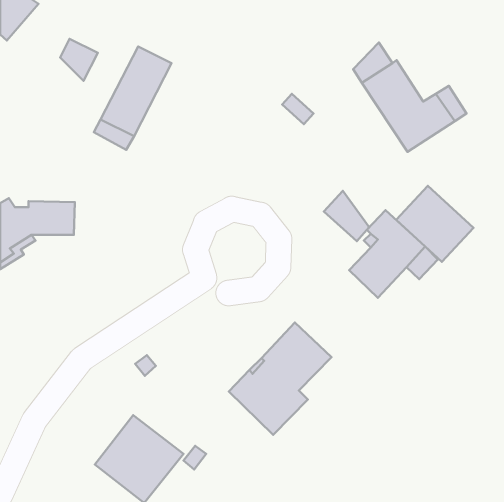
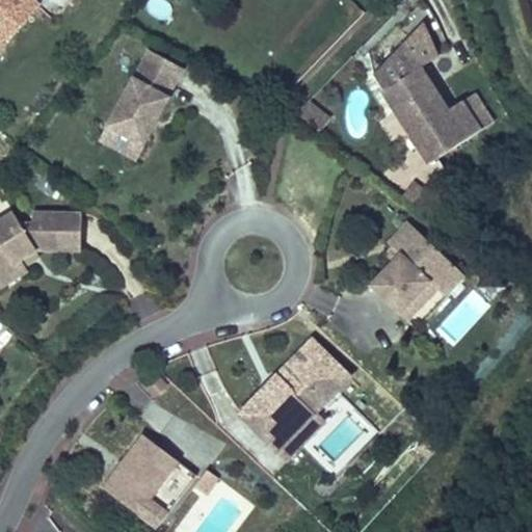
building: none -> [399,21,436,66]
building: [60,39,98,81] -> none
building: [396,186,474,262] -> none
building: [324,191,369,241] -> none

